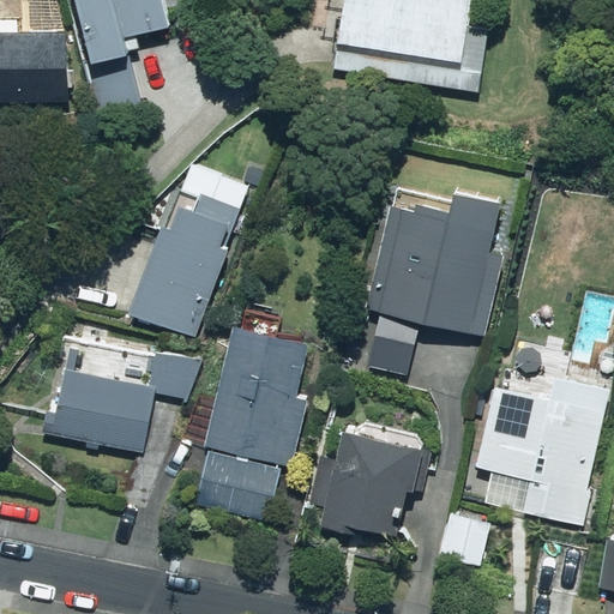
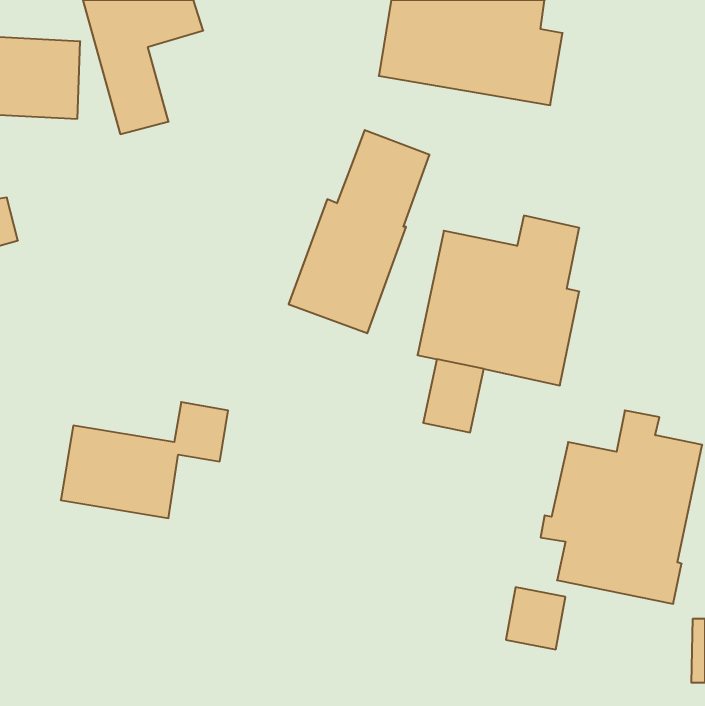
building: [126,163,248,339] -> [289,130,430,333]
building: [195,324,309,523] -> none
building: [306,429,423,534] -> none

